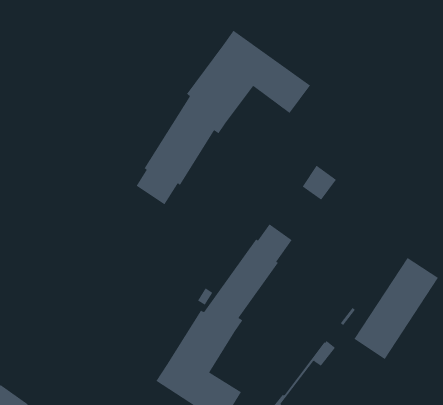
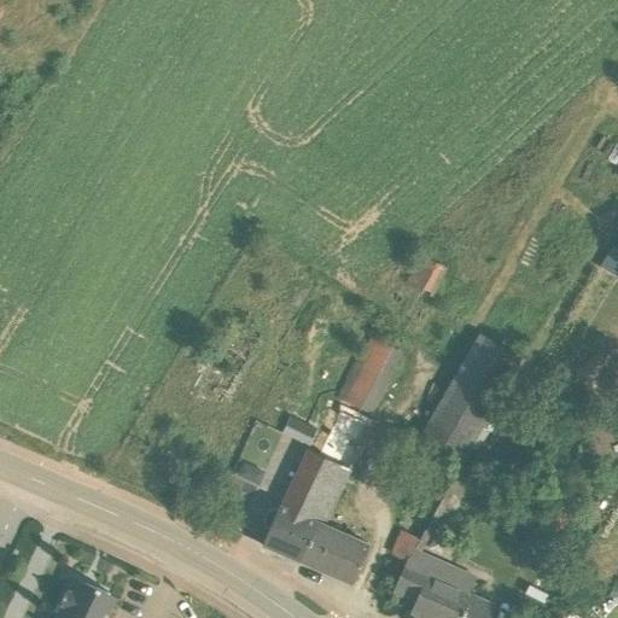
building: [136,30,311,205] -> none
building: [353,257,439,360] -> [416,332,508,460]

